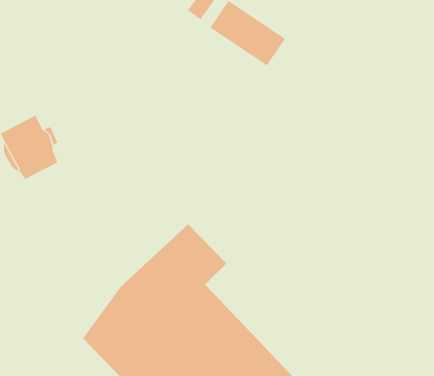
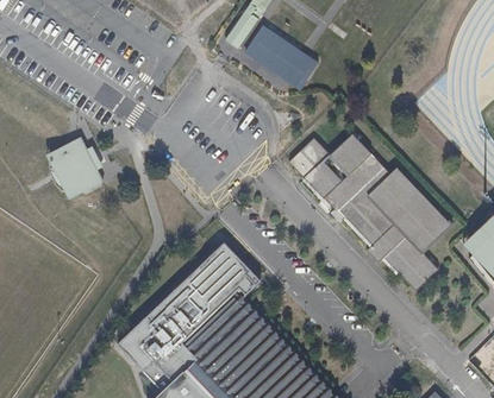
building: none -> [294,132,451,289]

